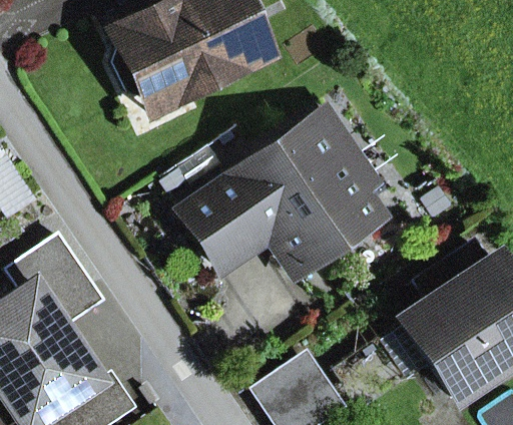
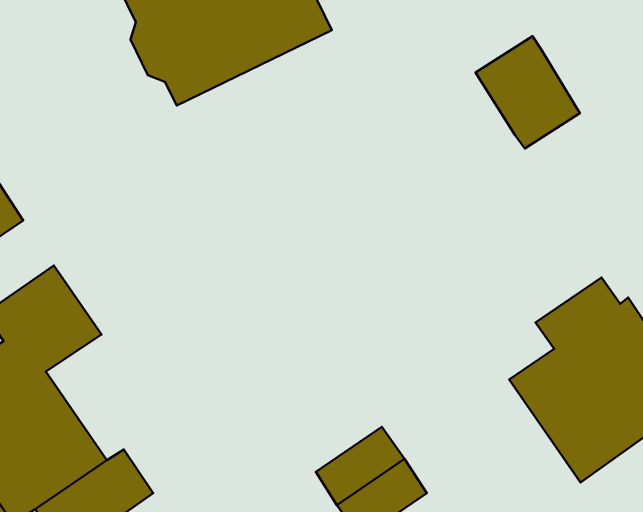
building: none -> [475,36,580,149]
building: [181,115,378,270] -> none

